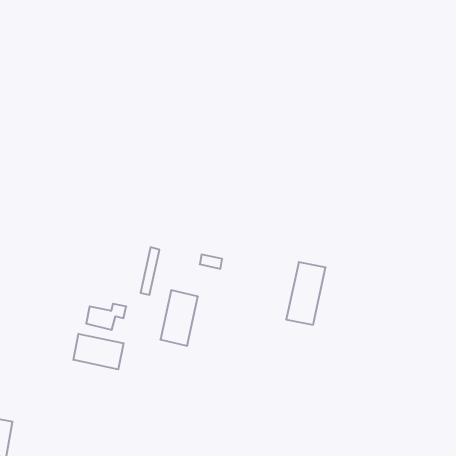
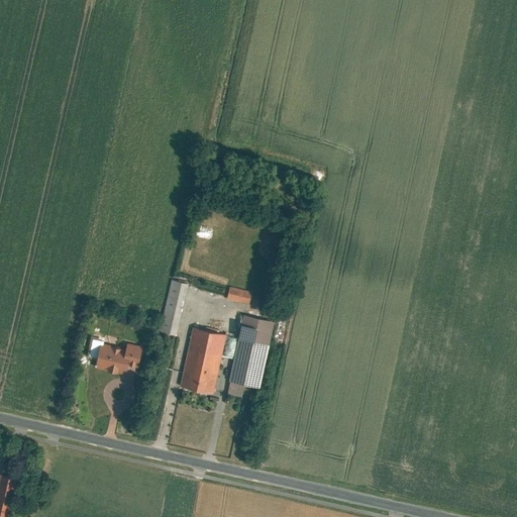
building: [286,262,326,325] -> [228,317,273,388]
building: [73,334,123,369] -> none

